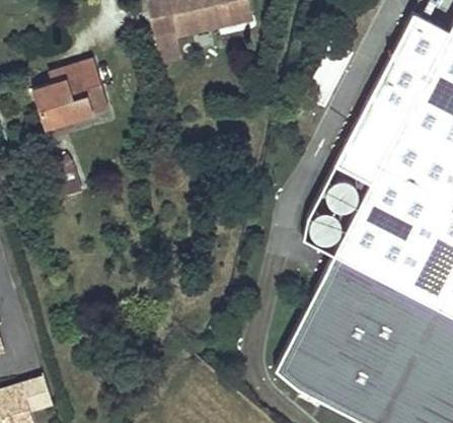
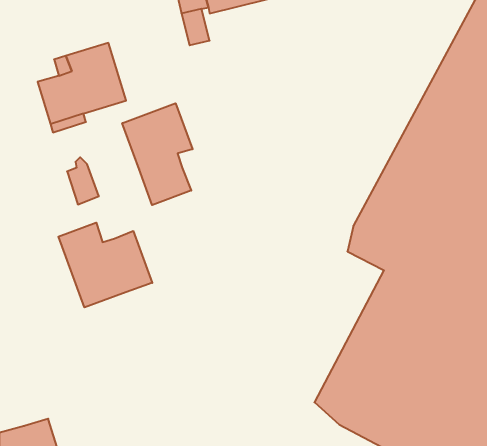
building: none -> [122,103,193,205]
building: none -> [58,223,152,307]

